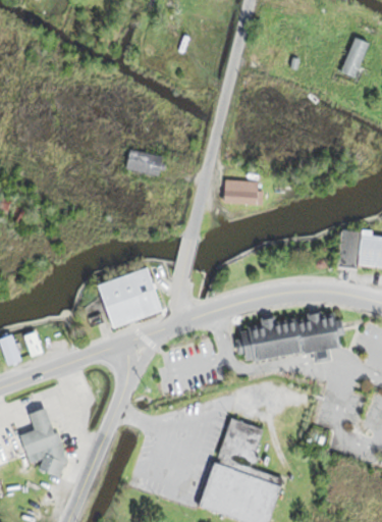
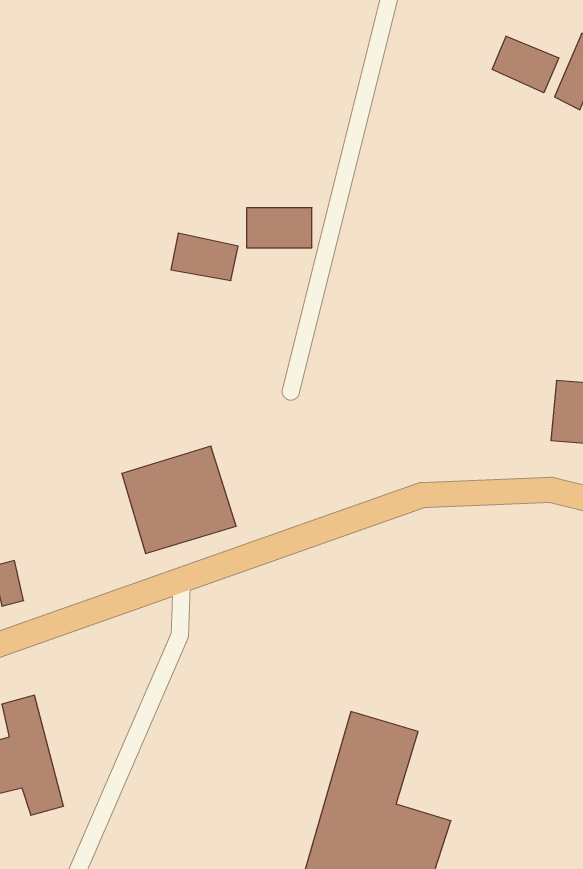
building: none -> [492,36,559,93]
building: [224,180,261,203] -> [247,208,312,248]
building: [237,314,338,360] -> none

